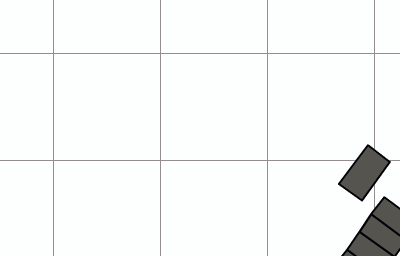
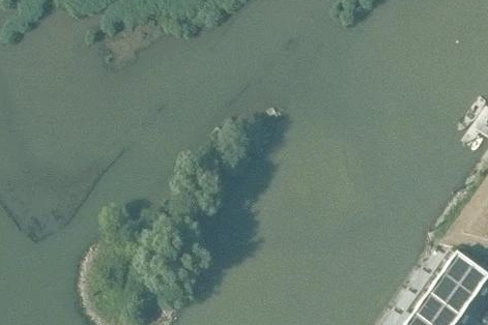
building: [339,145,390,201] -> none

